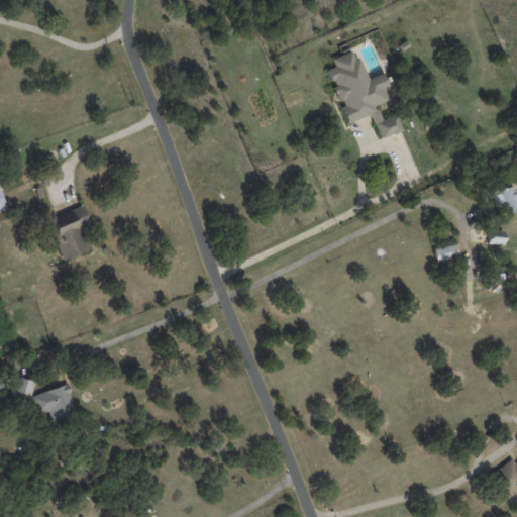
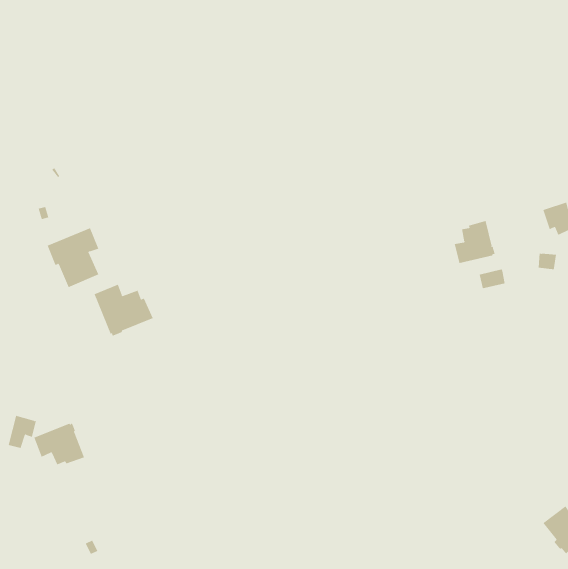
building: [331,48,405,139] -> none
building: none -> [454,220,495,264]
building: none -> [94,284,153,337]

